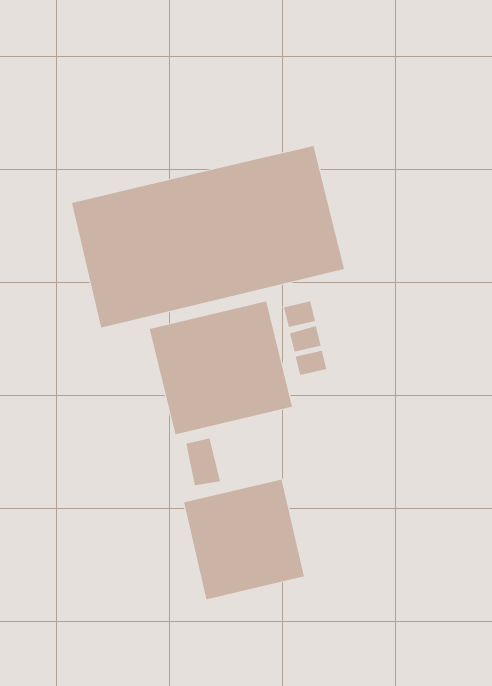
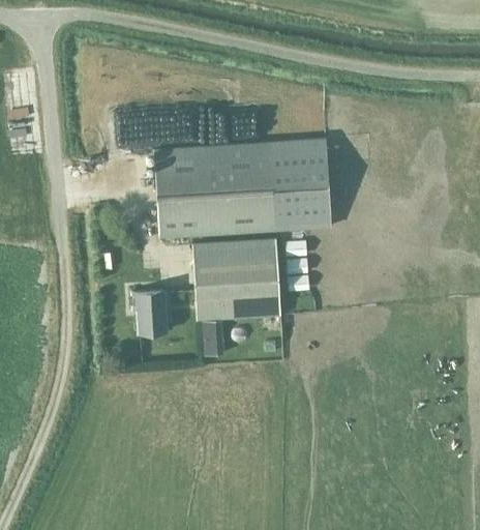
building: none -> [133,291,167,333]
building: [184,479,304,600] -> none

